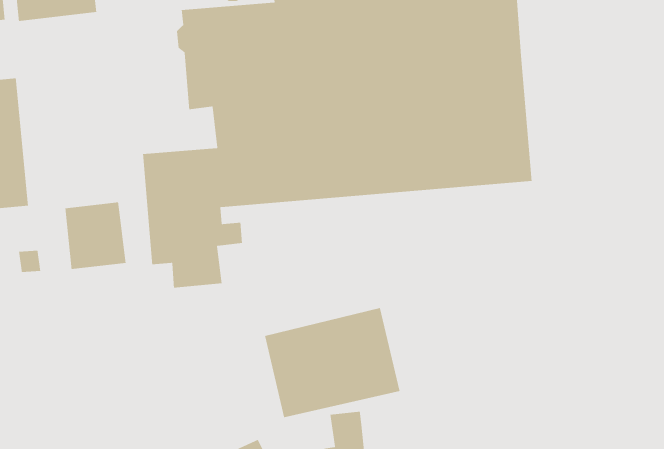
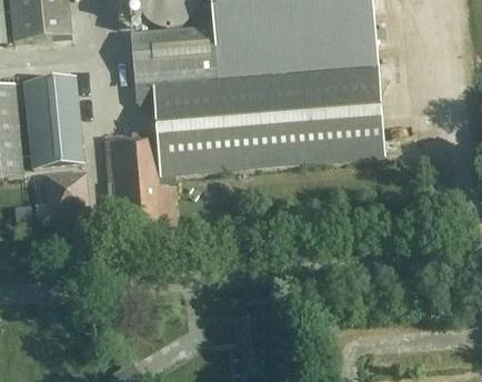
building: none -> [24,77,84,169]
building: [264,307,400,418] -> none

